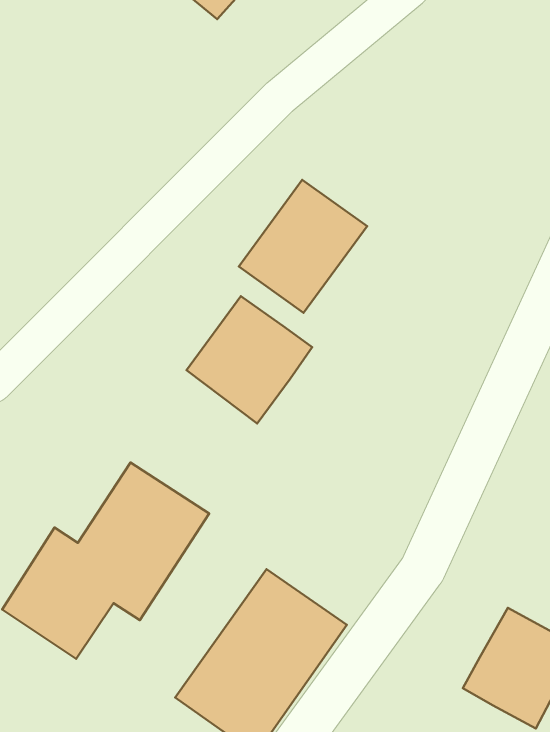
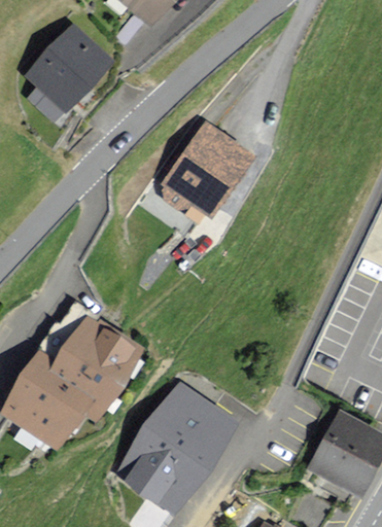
building: none -> [26,27,107,108]
building: [187,296,312,423] -> none

